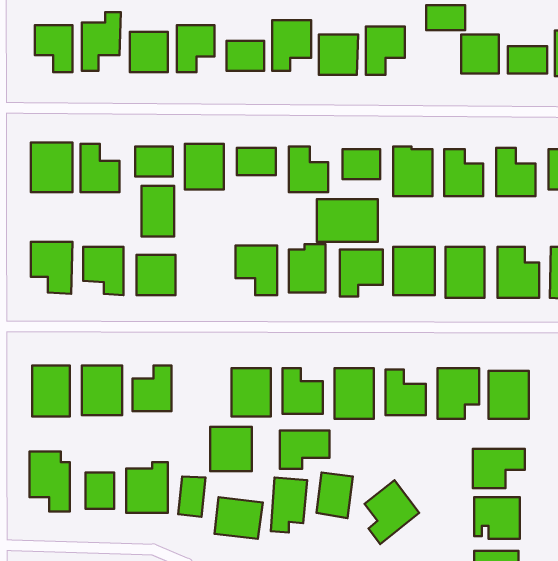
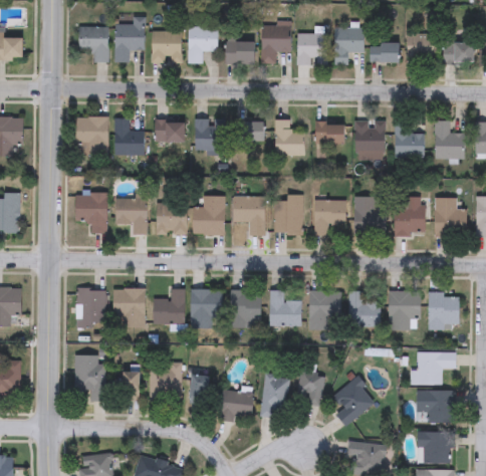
building: [426,5,465,30] -> [370,43,400,62]
building: [142,186,174,237] -> [200,195,225,234]
building: [317,199,378,242] -> none
building: [210,427,252,471] -> [191,289,223,323]
building: [280,431,329,469] -> none

